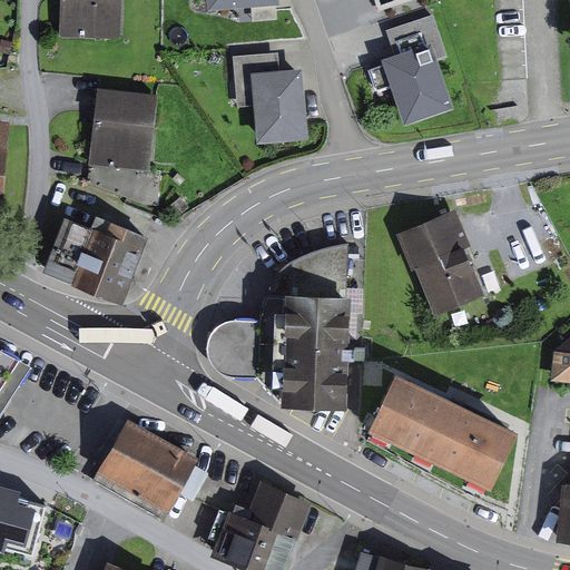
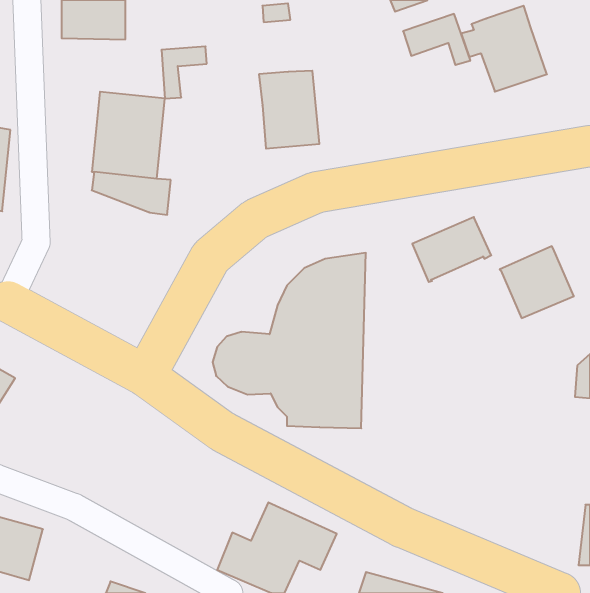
building: [370,41,452,124] -> [461,6,547,92]
building: [233,52,276,102] -> [161,46,207,99]
building: [42,215,147,298] -> none
building: [413,246,484,315] -> [500,246,574,318]
building: [362,373,513,490] -> none
building: [90,422,194,517] -> none

